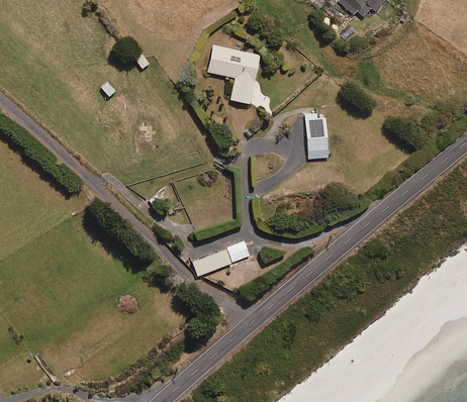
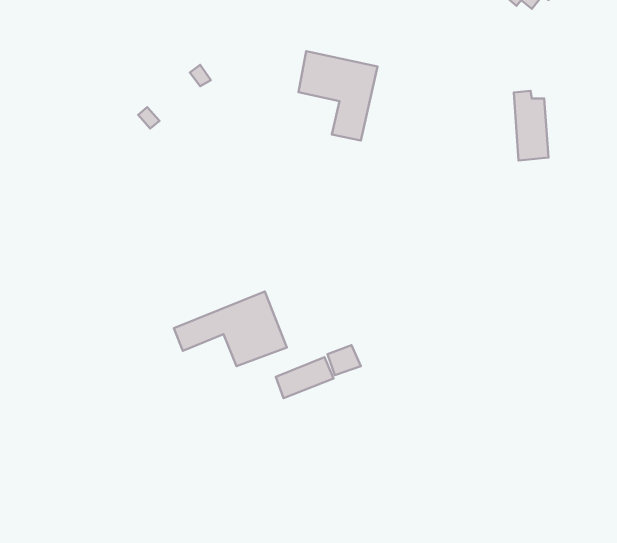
building: [305,112,329,159] -> [514,91,549,161]
building: none -> [174,292,287,366]

